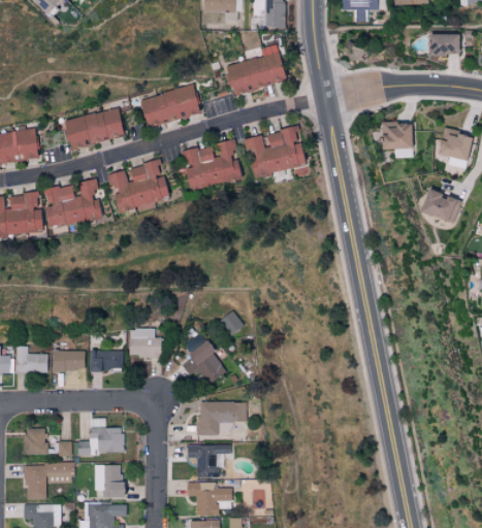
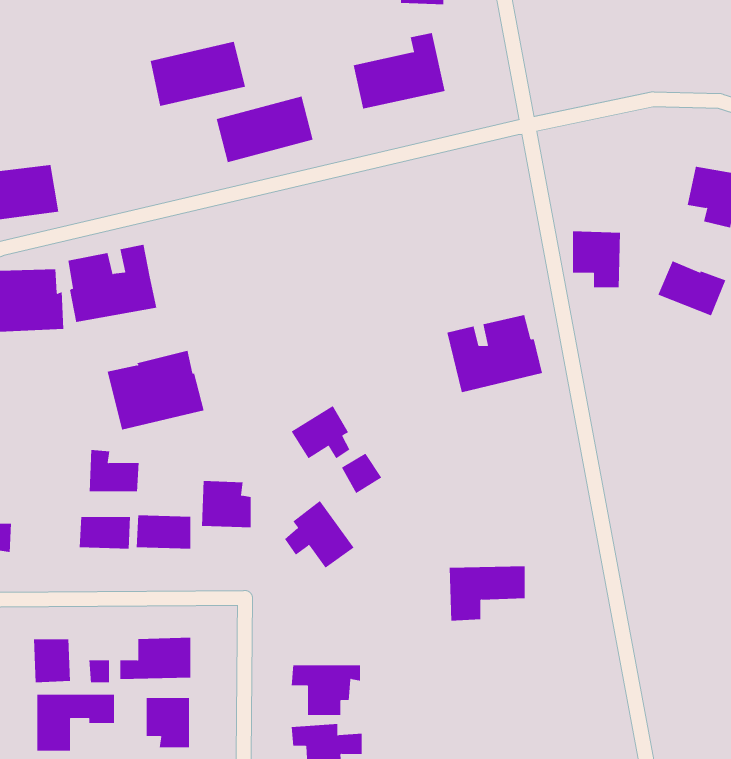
building: [427,33,458,55] -> none
building: [64,107,125,148] -> [150,41,246,107]
building: [382,122,413,158] -> [572,231,621,288]
building: [244,127,304,176] -> [447,314,543,393]
building: [179,139,242,189] -> none
building: [107,160,169,210] -> [107,350,205,430]
building: none -> [291,405,350,459]
building: [17,345,49,372] -> [89,450,139,492]
building: [198,401,247,436] -> [449,566,525,621]

